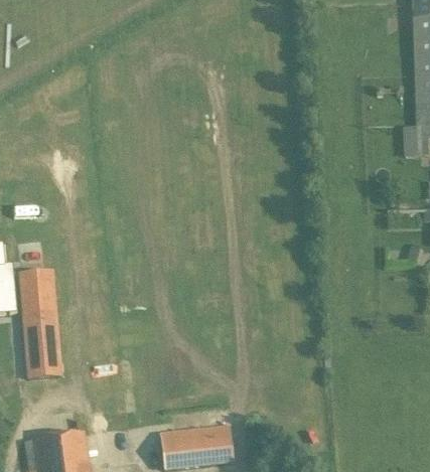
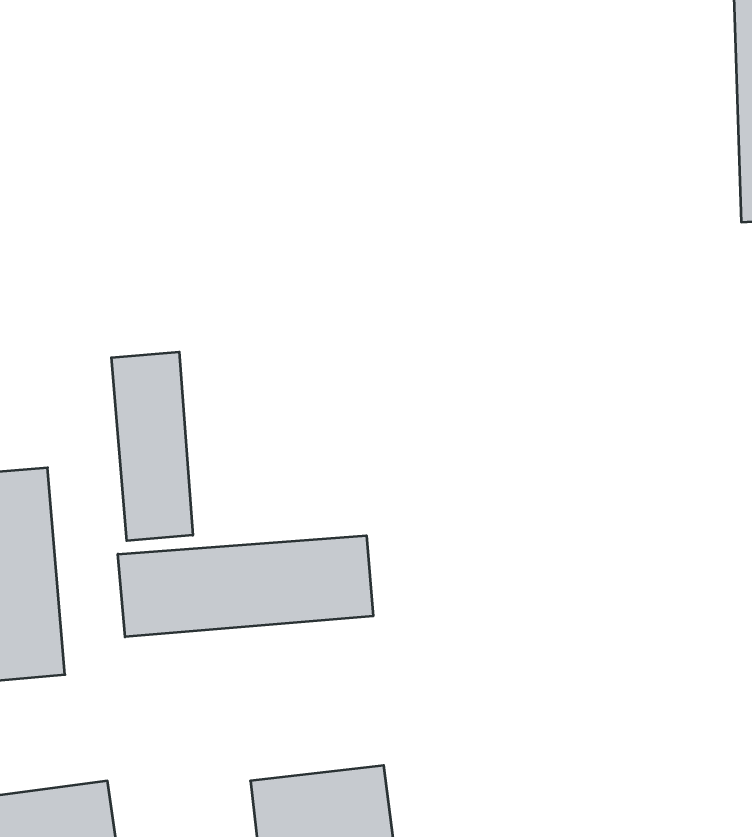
building: none -> [111,352,193,541]
building: none -> [118,536,373,637]

